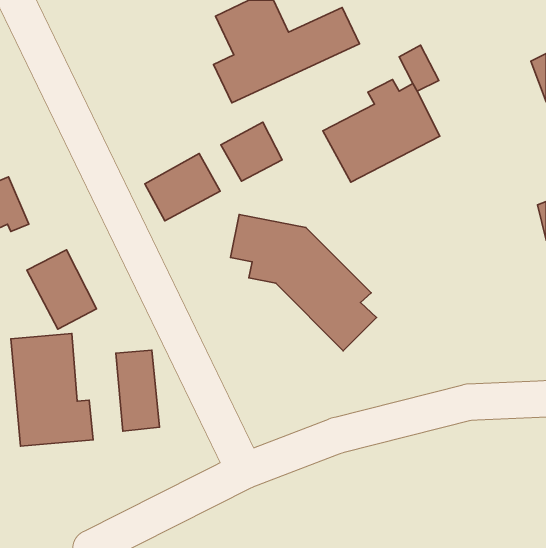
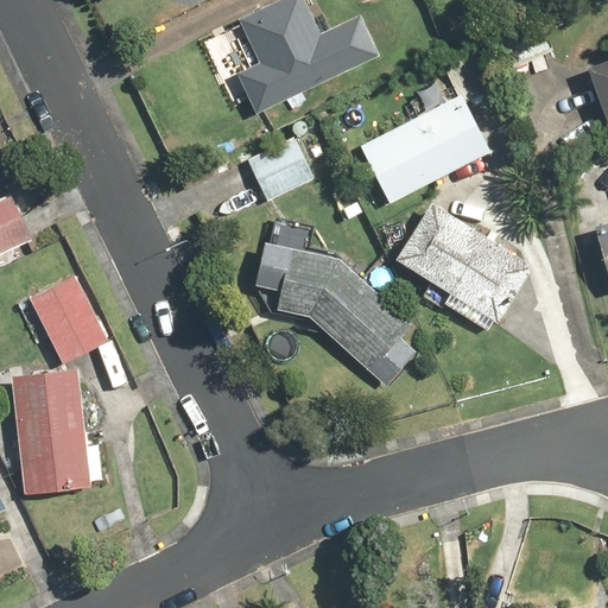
building: [145,154,220,221] -> none
building: none -> [395,202,526,330]
building: [116,350,159,431] -> none

